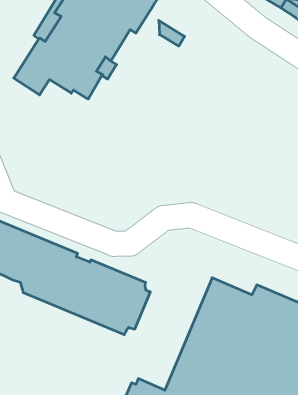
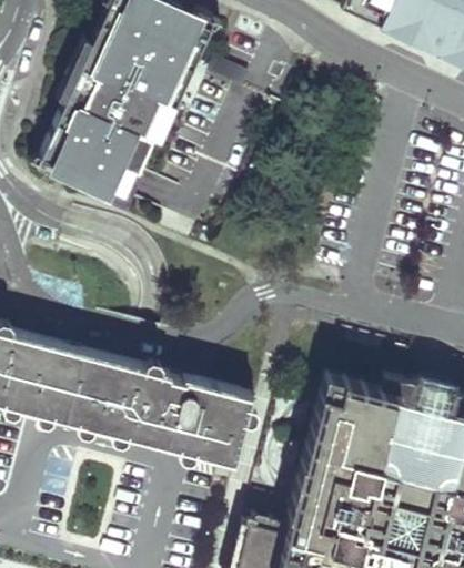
building: none -> [77,152,139,195]

